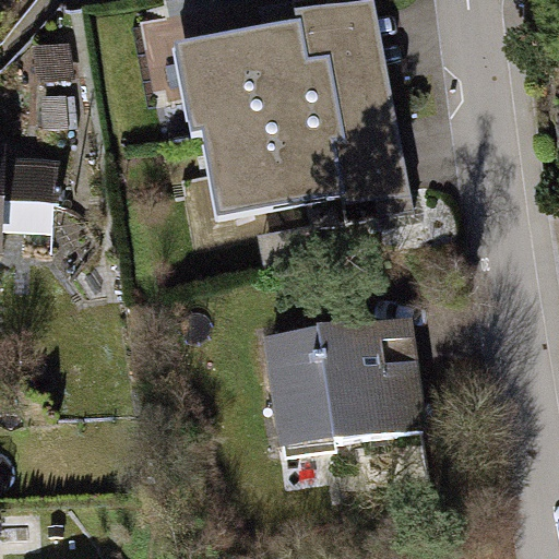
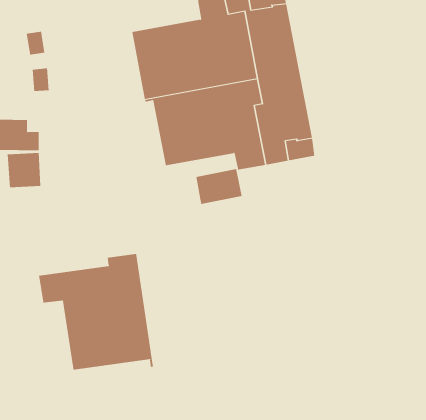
building: [264,320,421,436] -> none
building: none -> [38,253,153,371]

